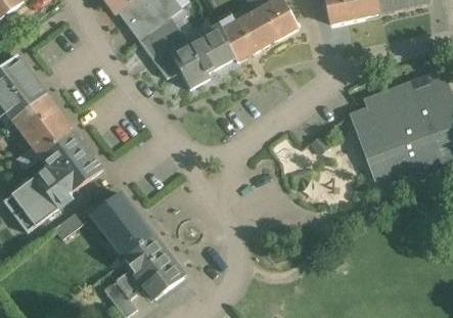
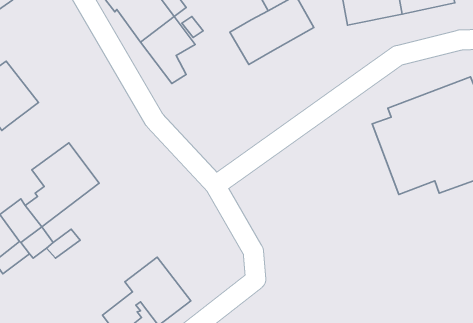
building: [171,26,235,86] -> none
building: [16,94,73,155] -> none
building: [91,191,153,258] -> none

